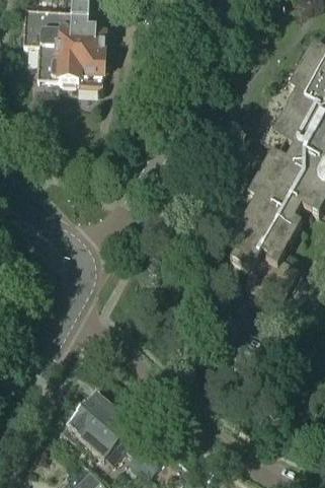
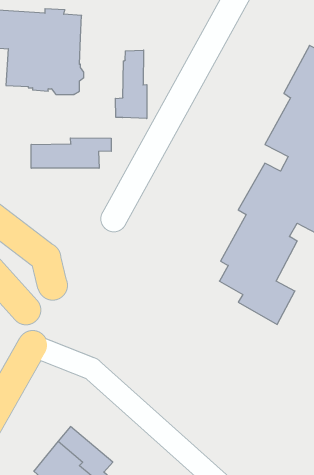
building: none -> [115,50,147,119]
building: none -> [31,138,111,168]

